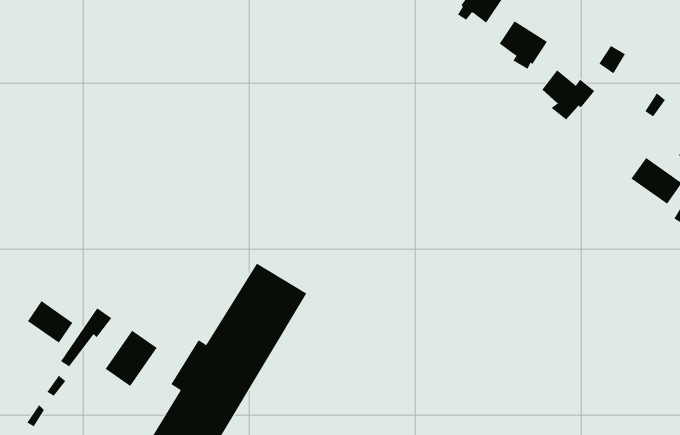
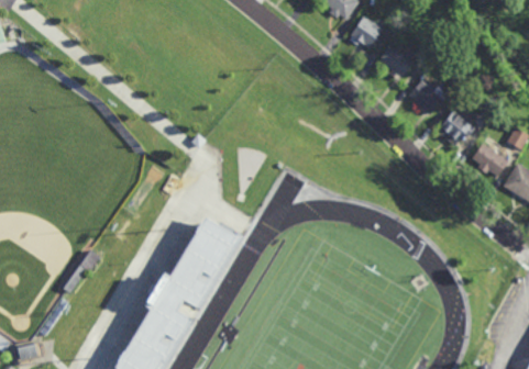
building: none -> [439,111,476,146]
building: [27,300,73,344] -> none
building: [105,330,158,387] -> none

